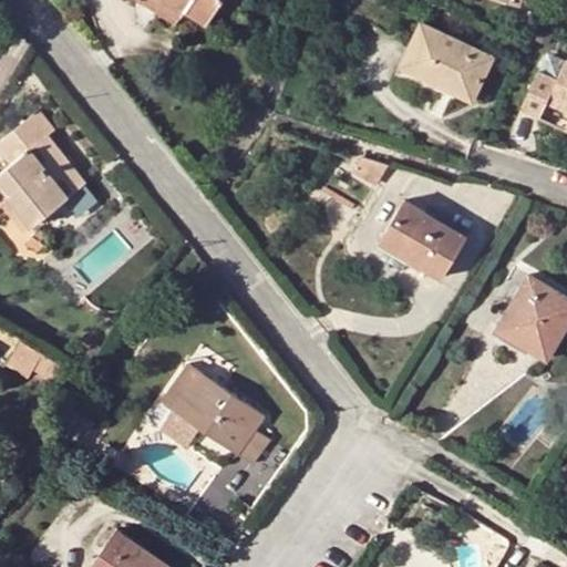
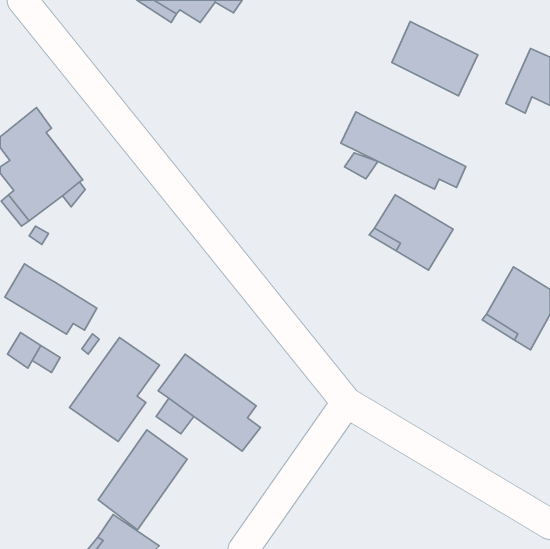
building: none -> [341,112,466,189]
building: none -> [5,264,97,334]
building: none -> [69,338,159,442]
building: none -> [98,430,187,530]

